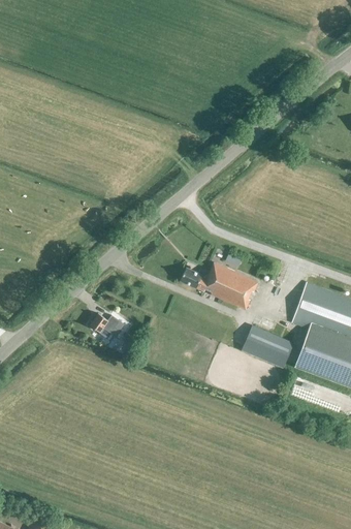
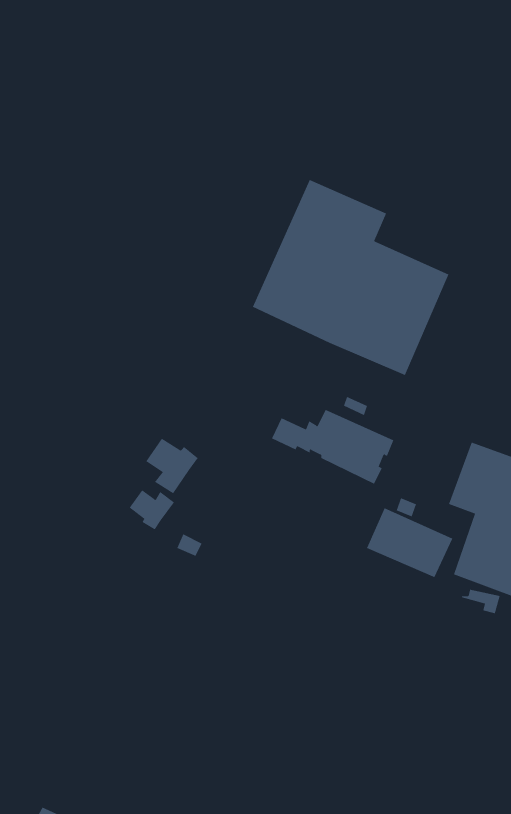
building: none -> [252,179,449,376]
building: none -> [145,438,199,494]

